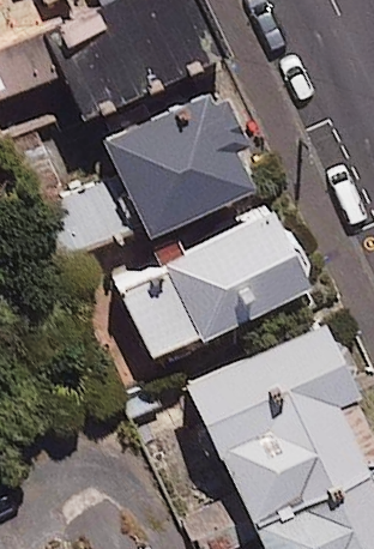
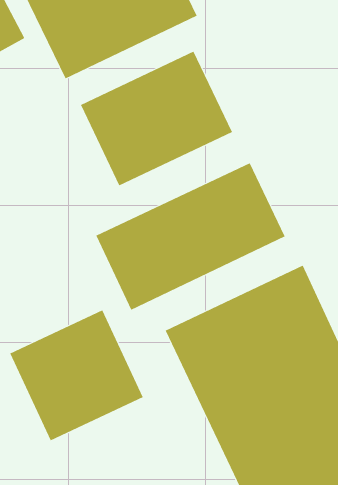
building: none -> [10,310,144,441]

